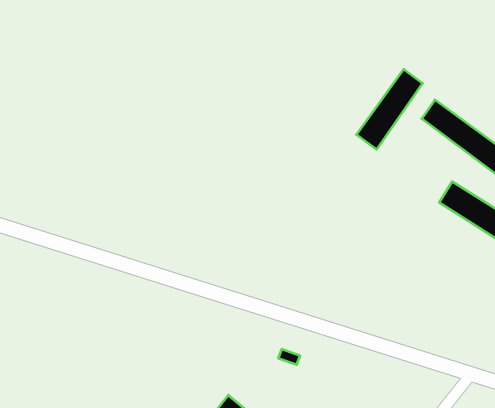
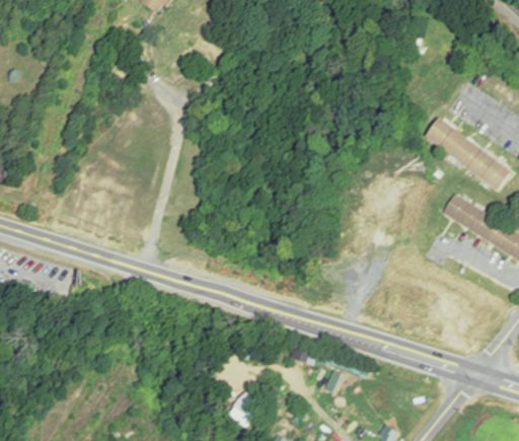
building: [356,69,423,149] -> none

